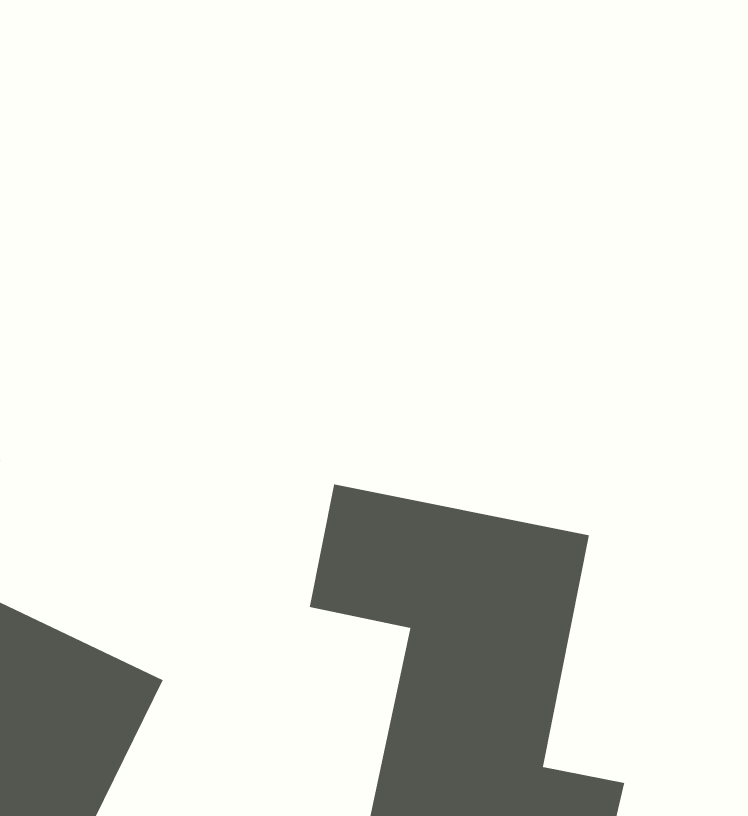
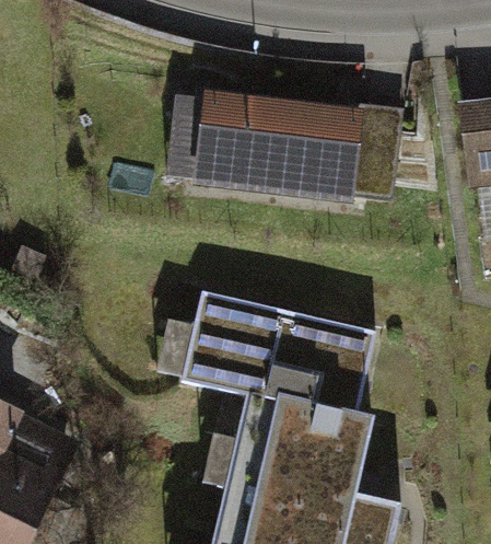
building: none -> [178,105,384,216]

